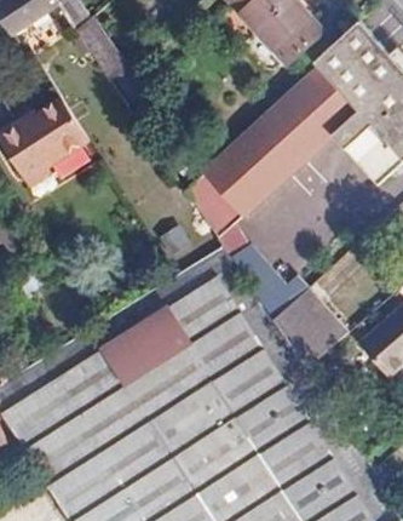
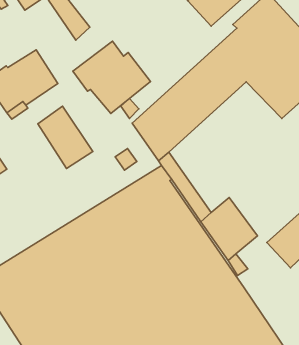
building: none -> [73,41,151,114]
building: none -> [38,106,93,168]

